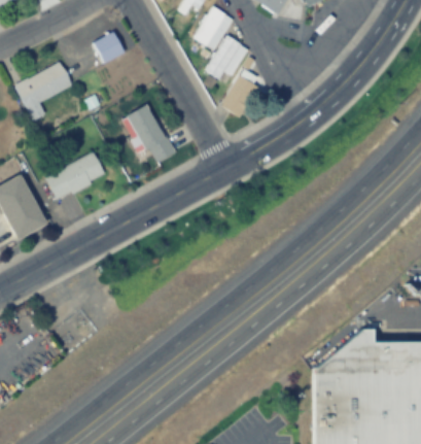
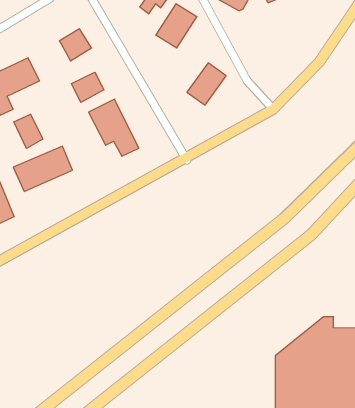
building: [203,35,248,86] -> none
building: none -> [72,72,104,102]
building: none -> [14,114,43,148]

